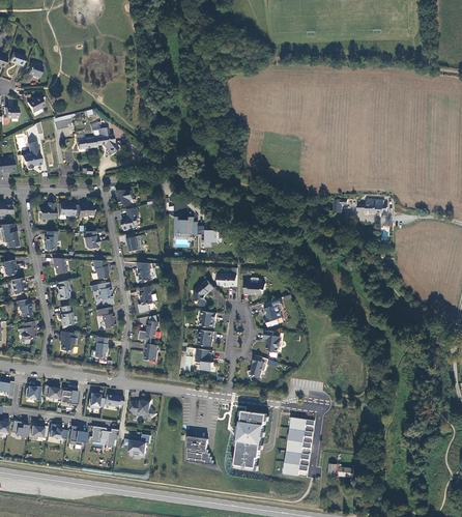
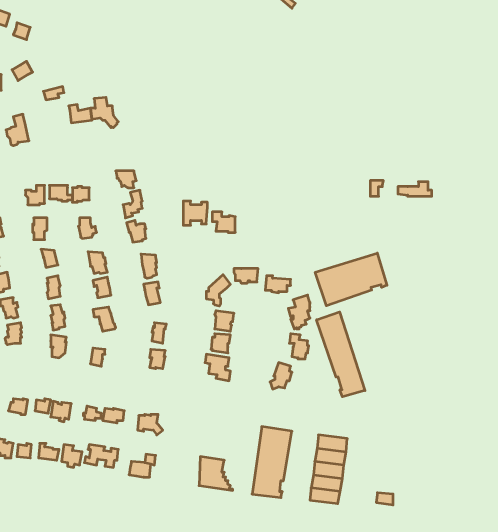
building: none -> [315,253,387,306]
building: none -> [317,312,365,397]

